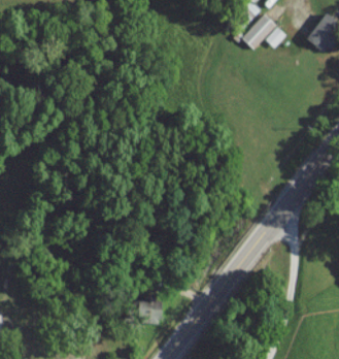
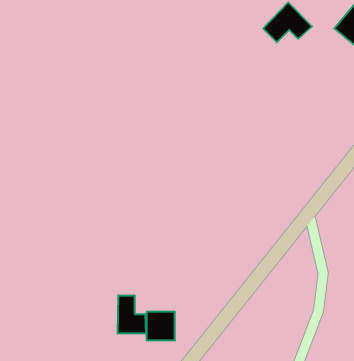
building: none -> [118,295,146,334]

